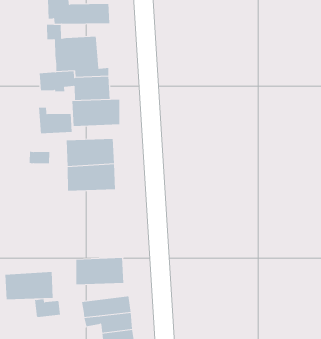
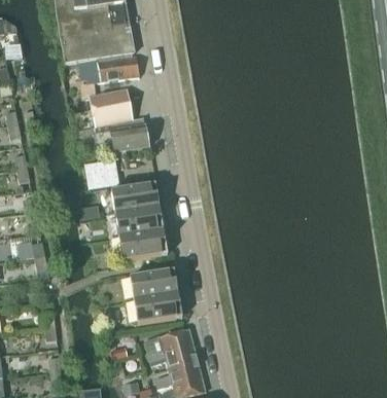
building: [72,99,120,126] -> [118,230,167,261]
building: [5,272,53,300] -> [130,268,178,300]

